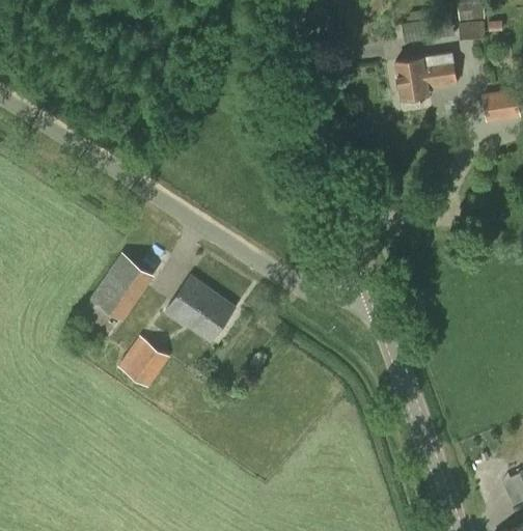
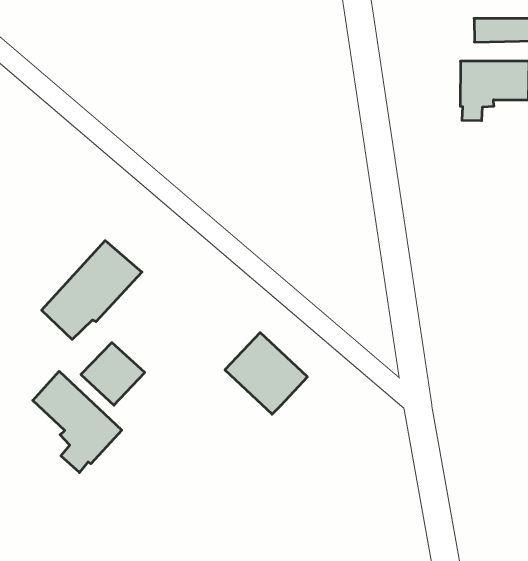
building: [166,275,236,341] -> [225,333,307,414]
building: none -> [33,371,122,473]

